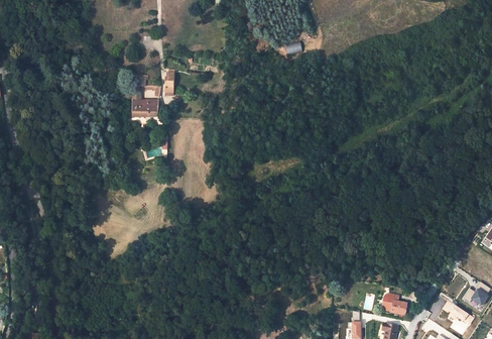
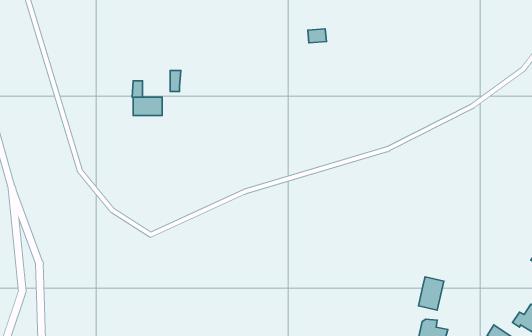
building: none -> [418,277,444,310]

